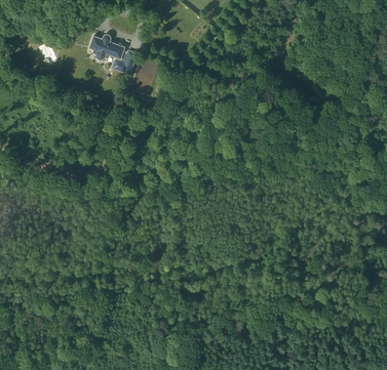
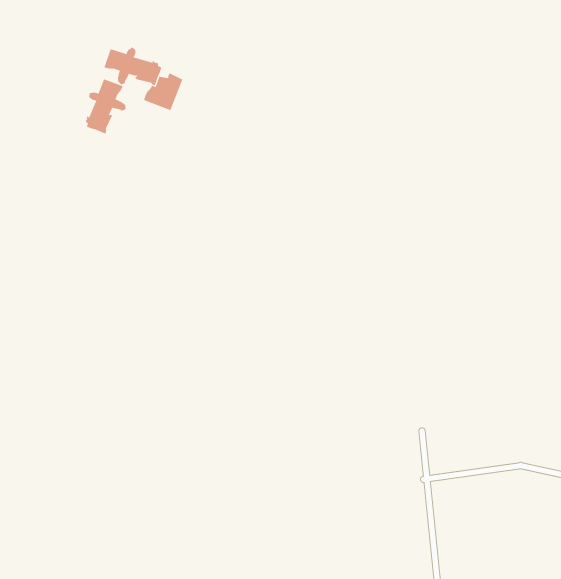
building: none -> [86,79,126,134]

